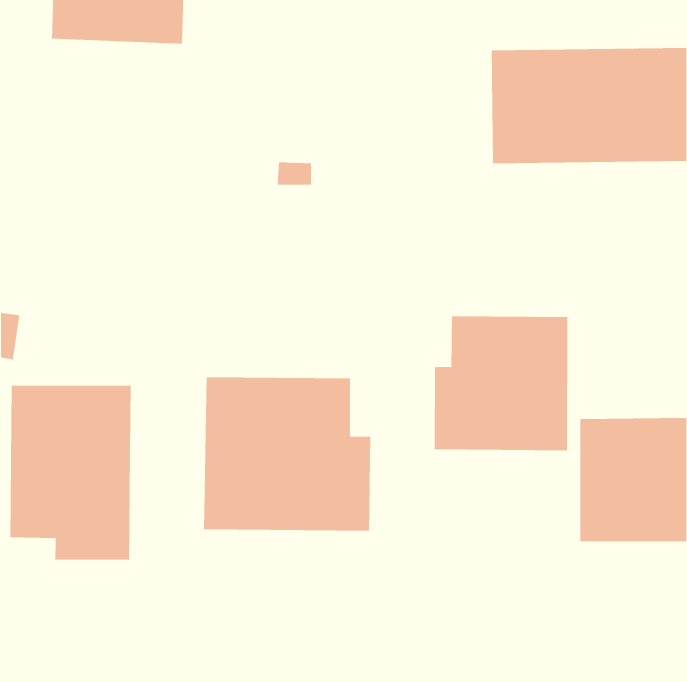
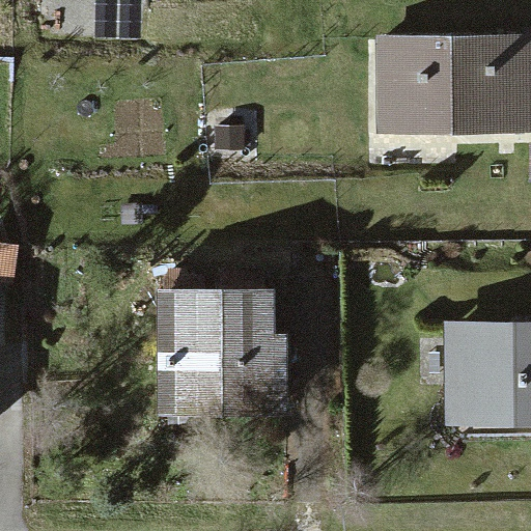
building: [434,316,568,451] -> none
building: [9,385,131,560] -> none

